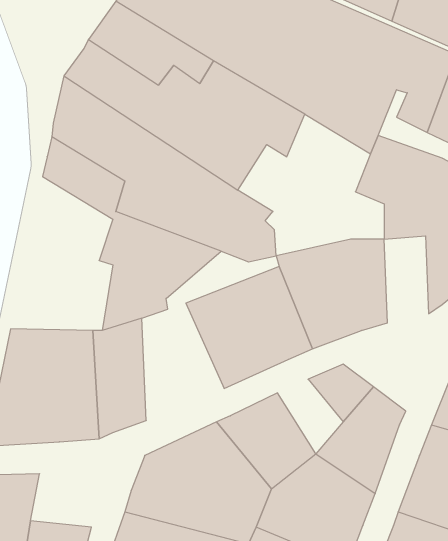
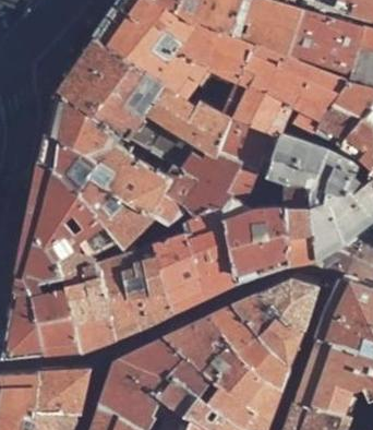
building: none -> [184,117,279,218]
building: none -> [22,162,95,272]
building: none -> [289,204,321,266]
building: none -> [116,252,175,336]
building: none -> [260,279,320,330]
building: none -> [213,307,260,360]
building: none -> [36,373,89,413]

